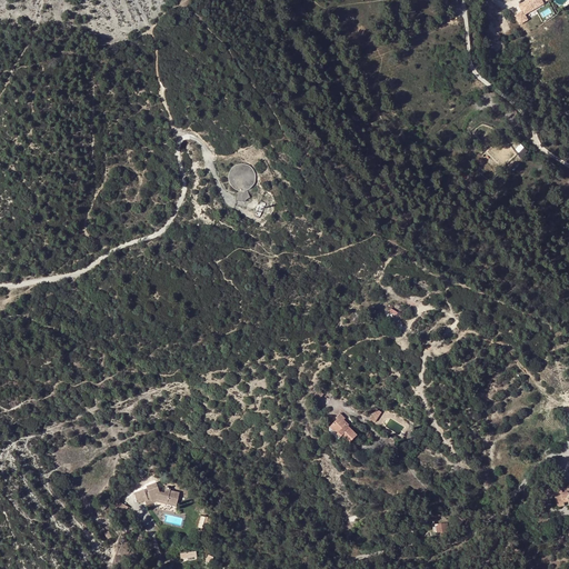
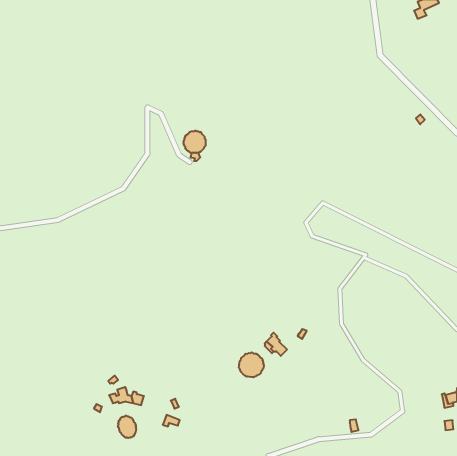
building: none -> [239,352,264,377]
building: none -> [118,416,136,438]

